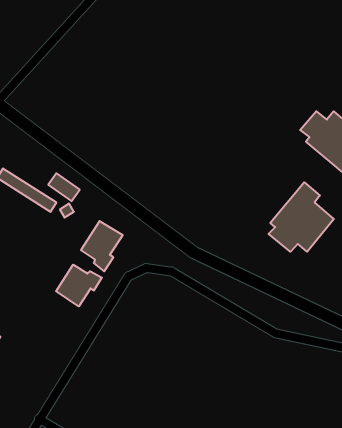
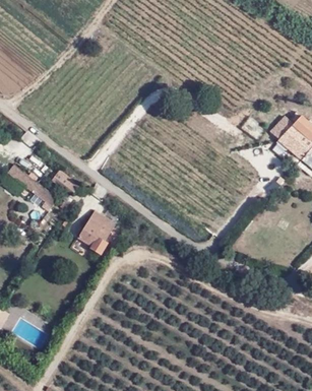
building: [269,182,334,252] -> none
building: [56,265,102,306] -> none

